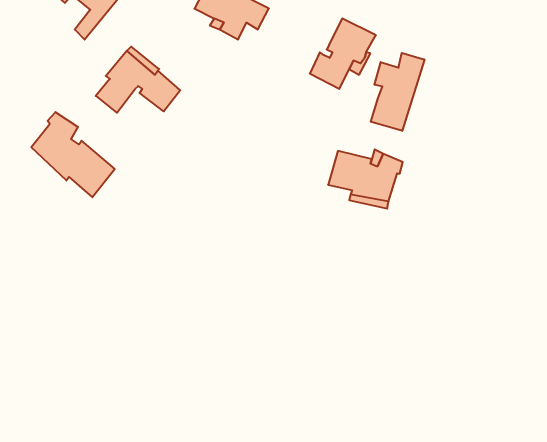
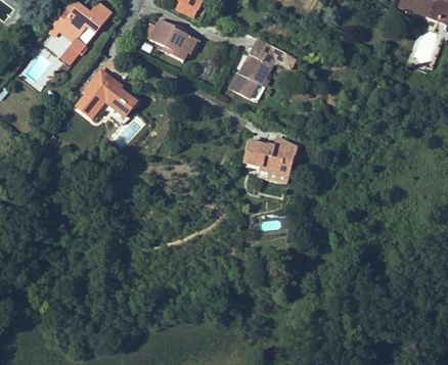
building: [371,53,424,131] -> none
building: [31,112,115,197] -> none

